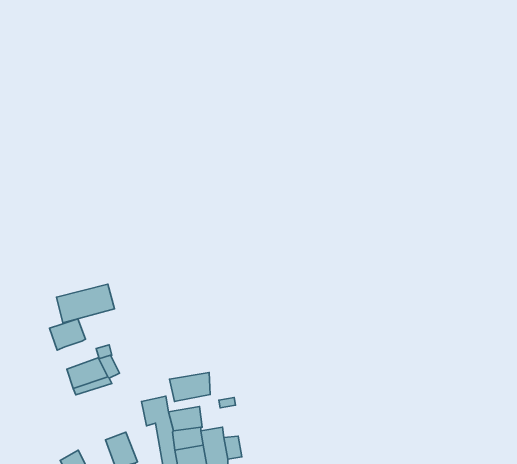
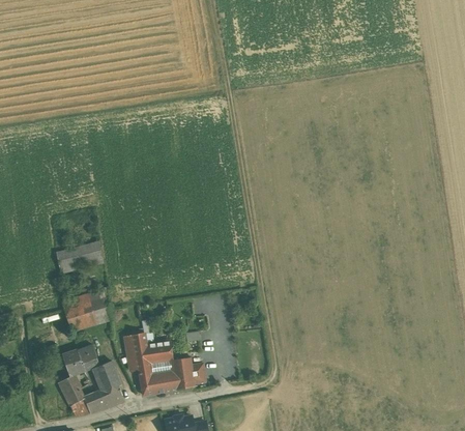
building: [50,319,85,350] -> none
building: [170,373,210,402] -> none
building: none -> [63,344,99,373]

